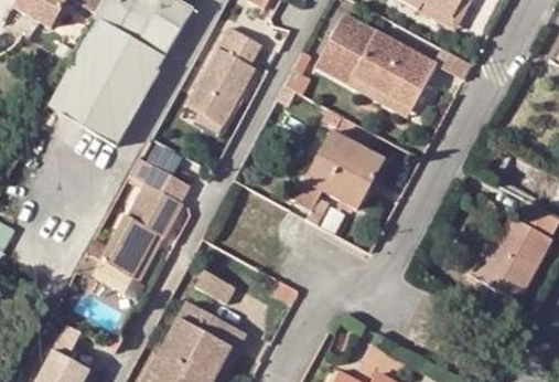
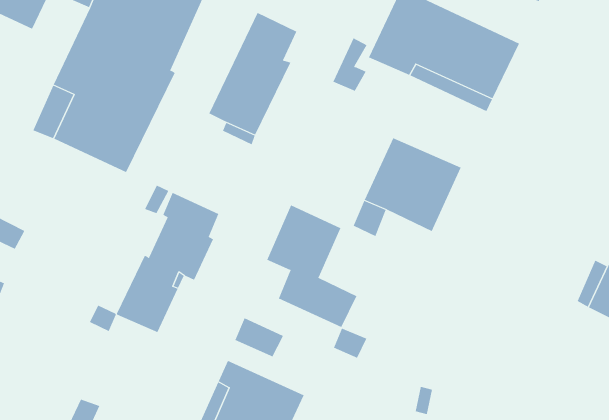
building: none -> [266,205,357,328]

